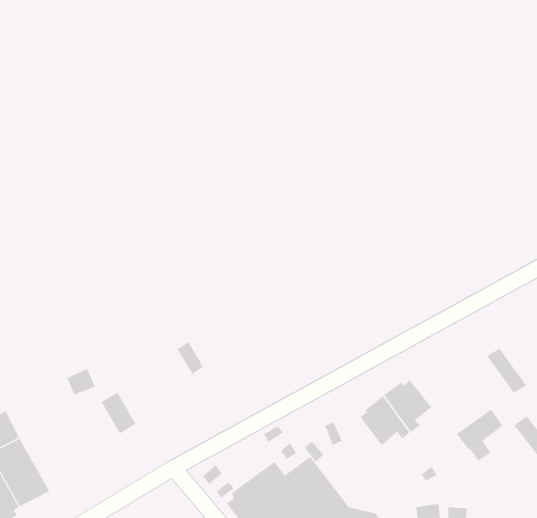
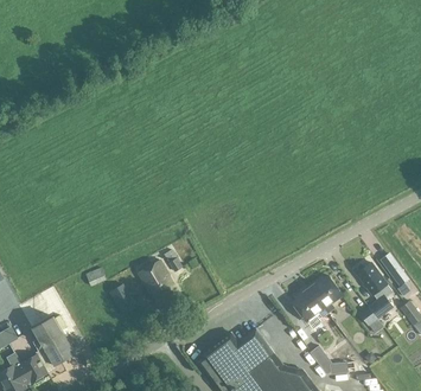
building: none -> [139,262,173,297]
building: none -> [351,263,387,296]

